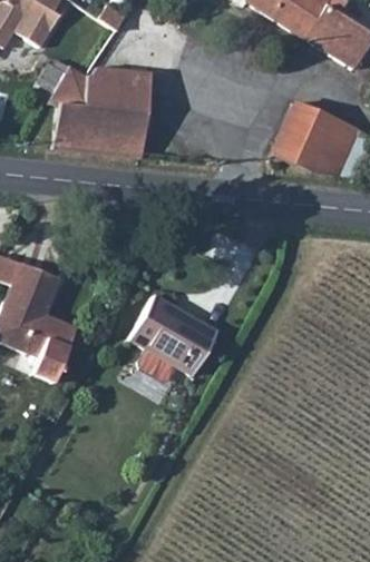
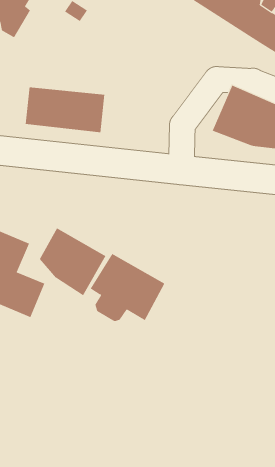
building: [48,61,150,111] -> none
building: none -> [39,227,106,296]

